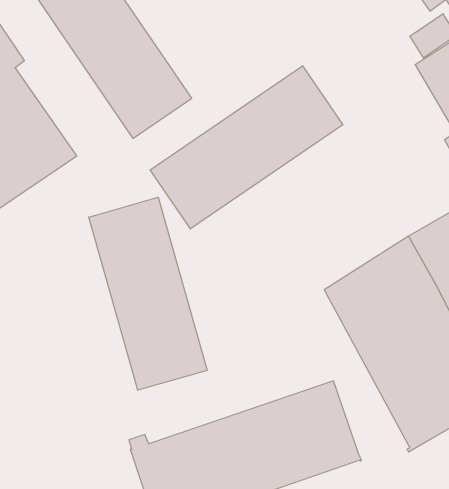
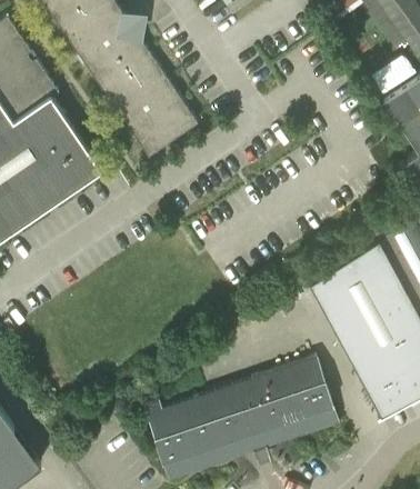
building: [150,66,343,229] -> none
building: [89,197,207,390] -> none

